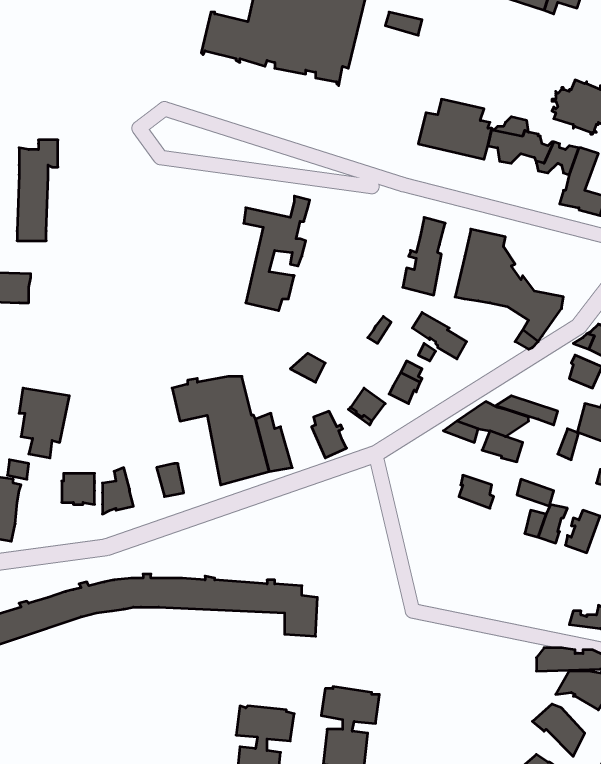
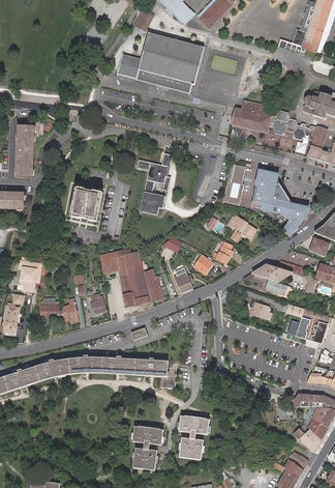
building: none -> [72,188,100,222]

